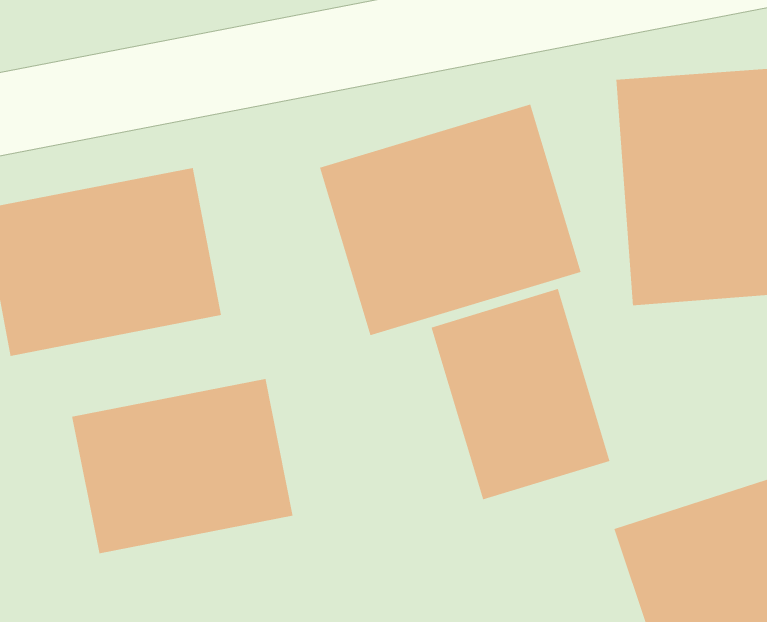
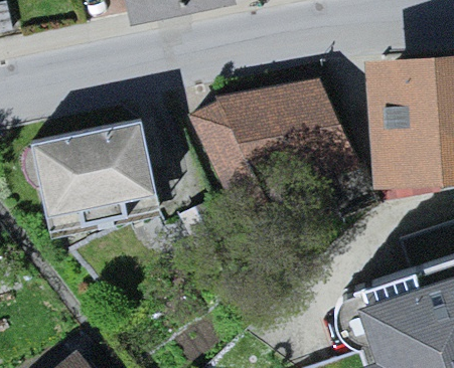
building: [431,288,610,500] -> none
building: [71,378,293,554] -> none

